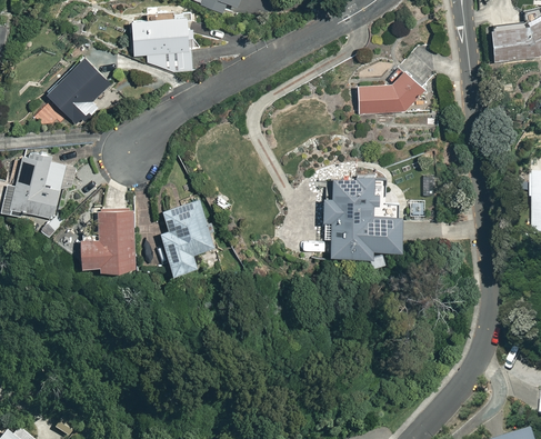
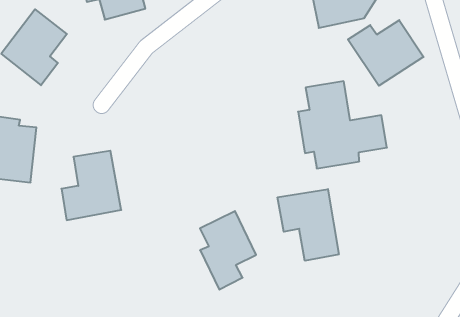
building: none -> [348,20,424,86]
building: [161,200,214,273] -> [200,211,256,290]
building: none -> [278,189,339,261]

